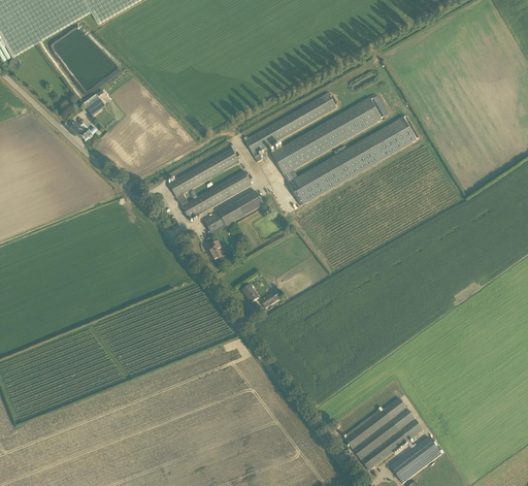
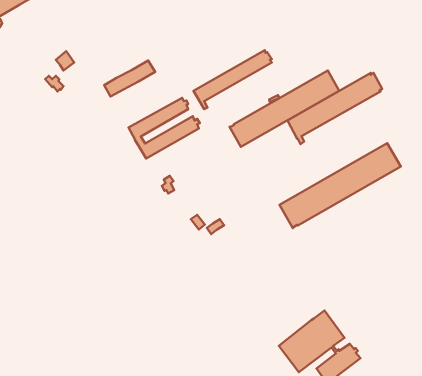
building: [271,97,383,181] -> [287,73,382,144]
building: [203,191,263,233] -> [104,60,155,96]
building: none -> [279,143,401,228]

